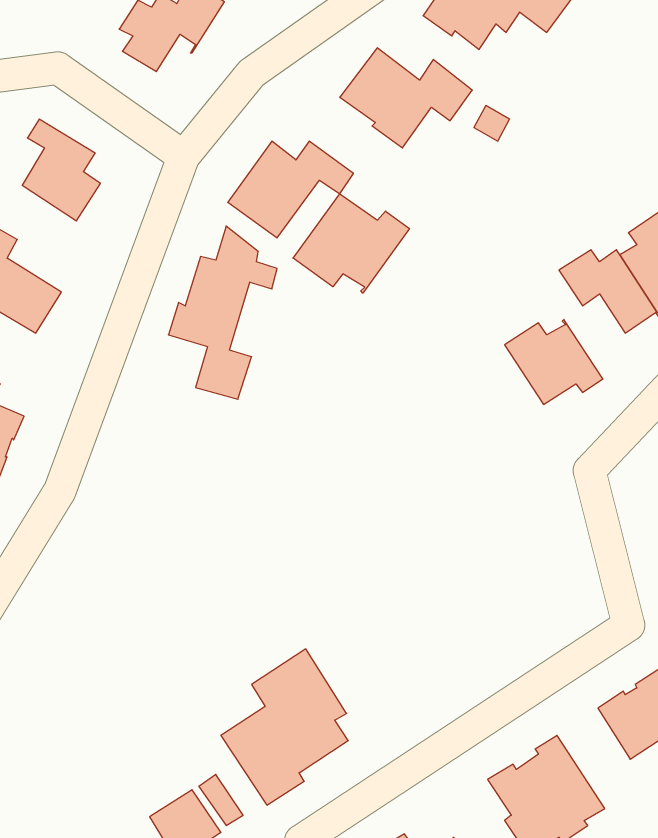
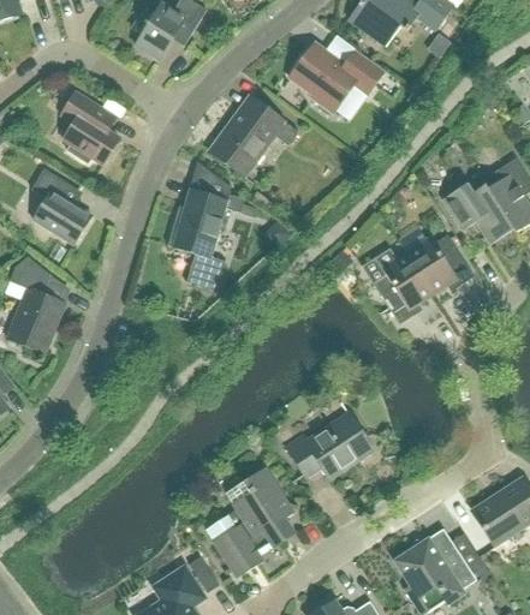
building: [293,194,409,293] -> none
building: none -> [373,251,433,323]
building: none -> [286,401,365,476]

